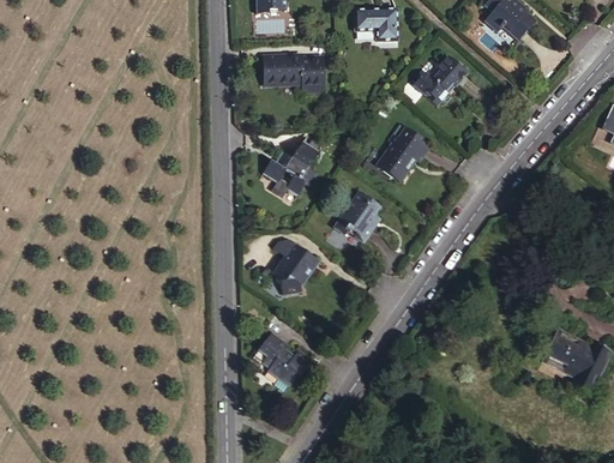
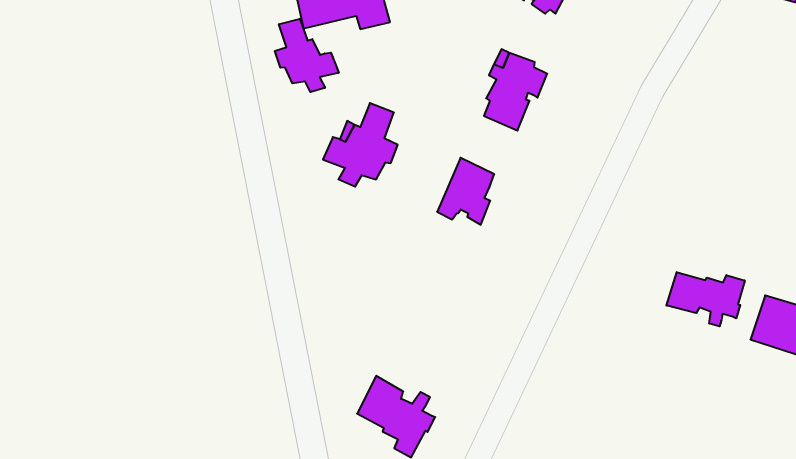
building: none -> [275,19,339,92]
building: [272,251,309,299] -> none
building: none -> [666,272,745,326]

